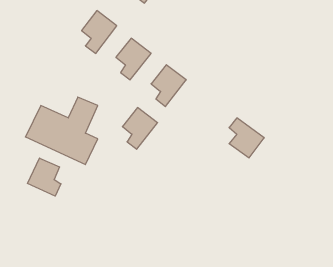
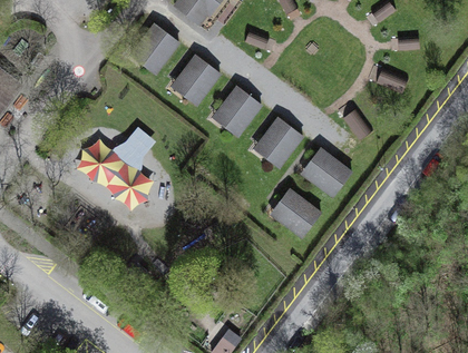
building: [122,108,158,149] -> [261,118,302,167]
building: none -> [280,189,320,237]
building: [28,158,61,196] -> none

